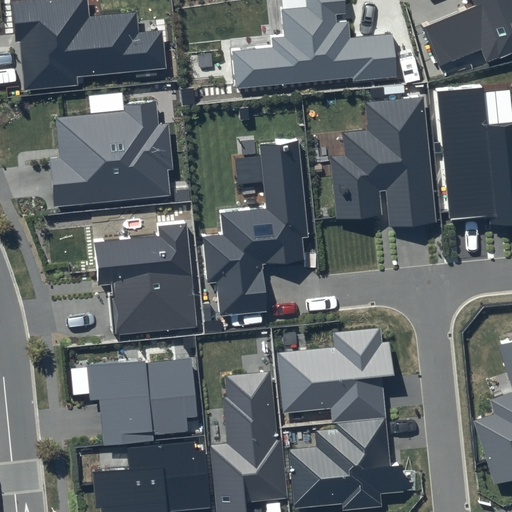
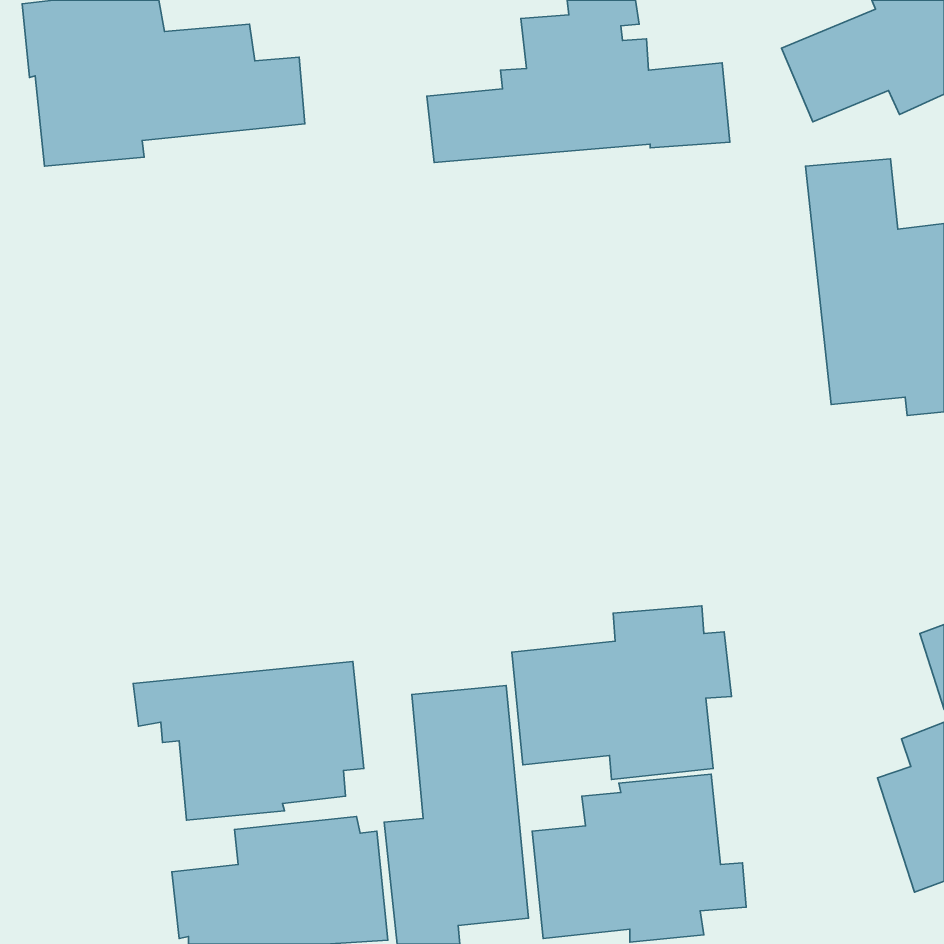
building: [330,97,437,226] -> none
building: [50,101,173,206] -> none
building: [203,140,309,315] -> none
building: [94,224,195,334] -> none

